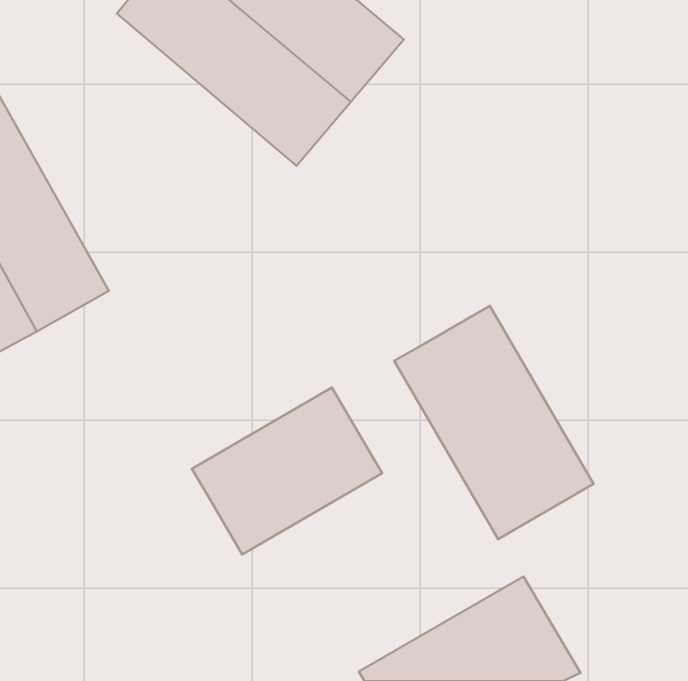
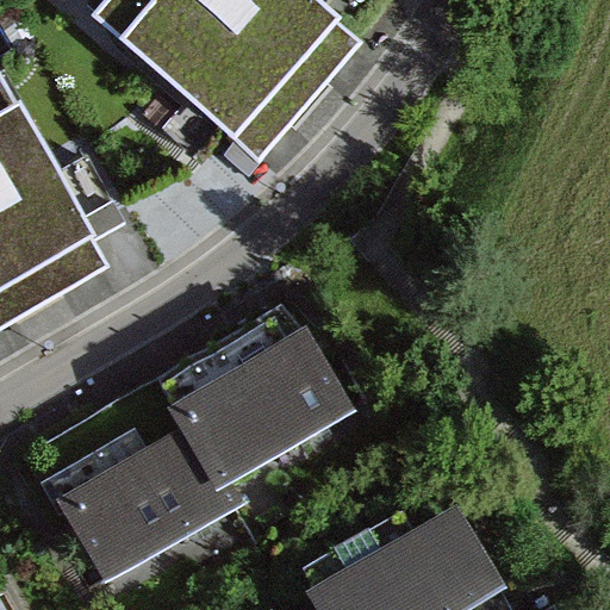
building: [394,306,594,539] -> none
building: none -> [62,435,228,584]

